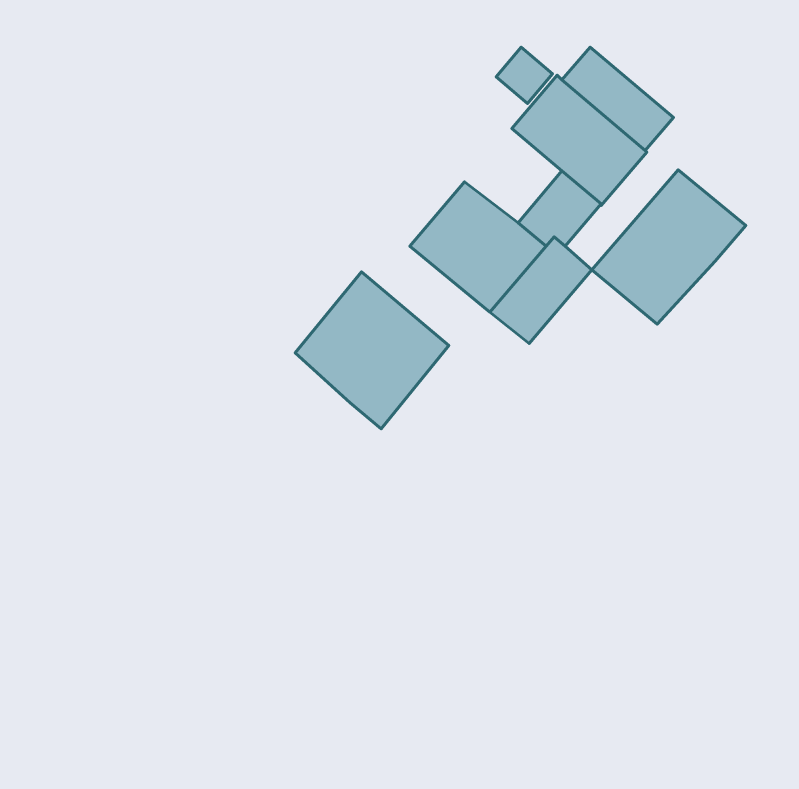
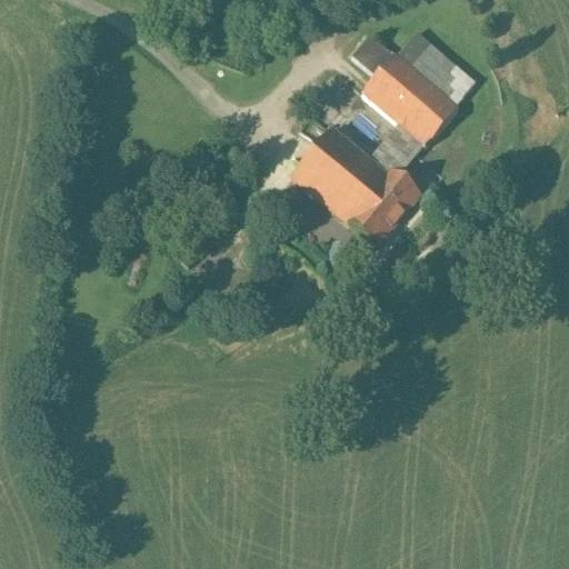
building: [592,170,746,324] -> none
building: [295,272,449,429] -> none

